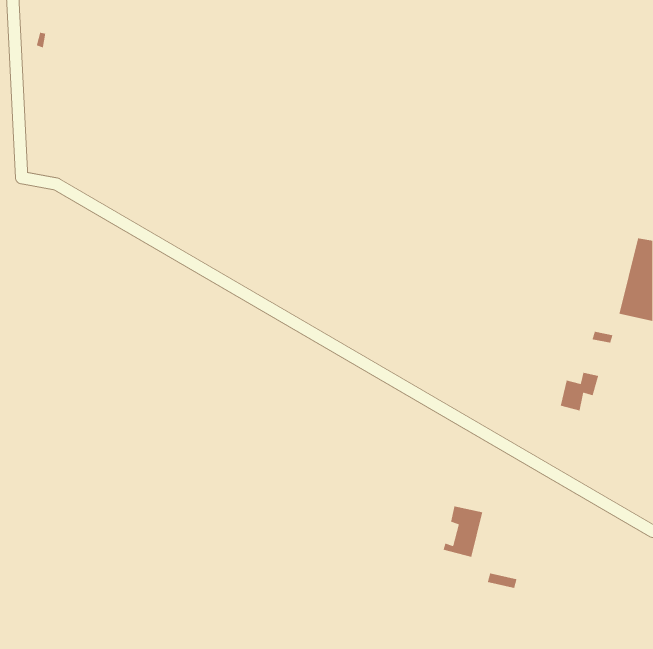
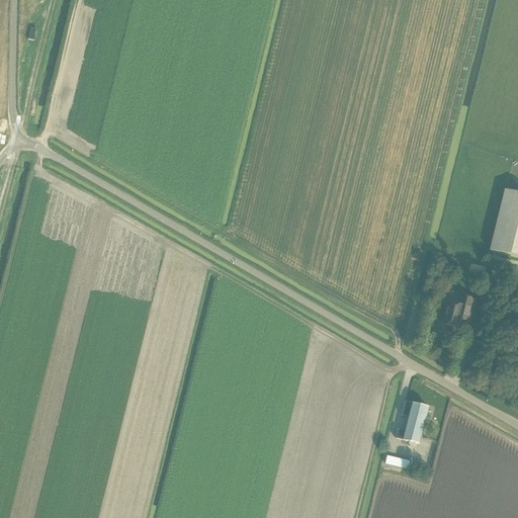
building: [442,506,483,558] -> [397,401,429,442]

